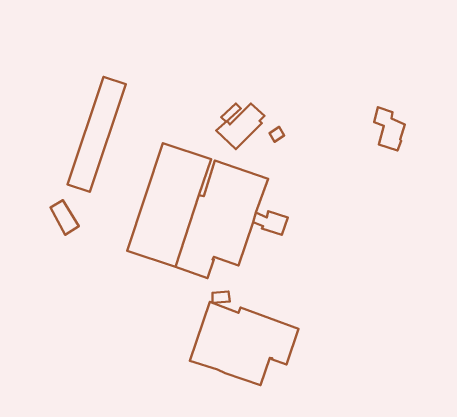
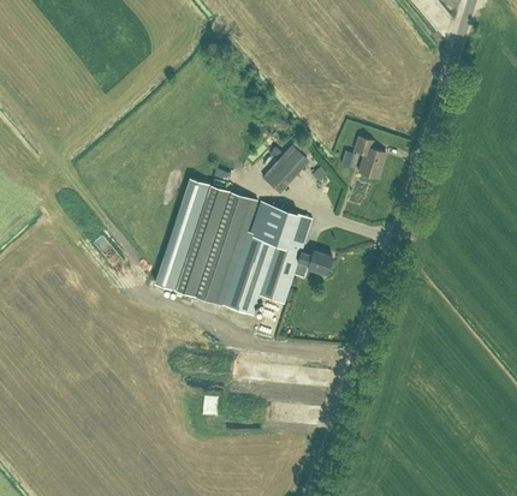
building: [68,77,126,192] -> [153,178,209,289]
building: [374,107,405,151] -> [353,137,384,179]
building: [190,302,299,385] -> none

